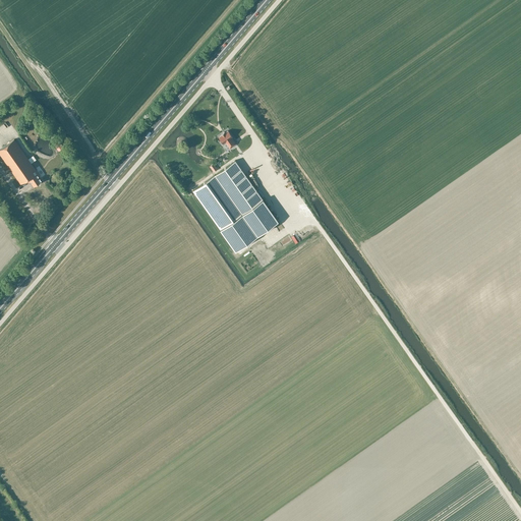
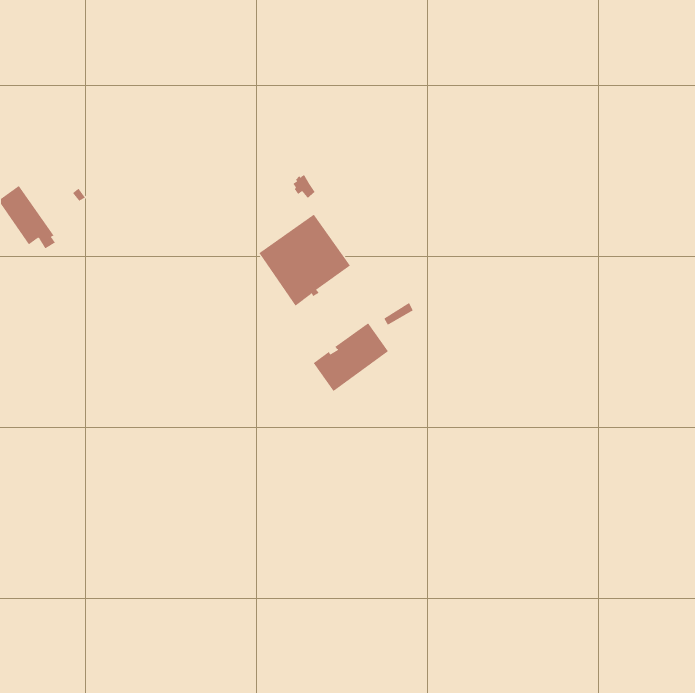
building: [221,200,278,252] -> [313,322,389,392]

